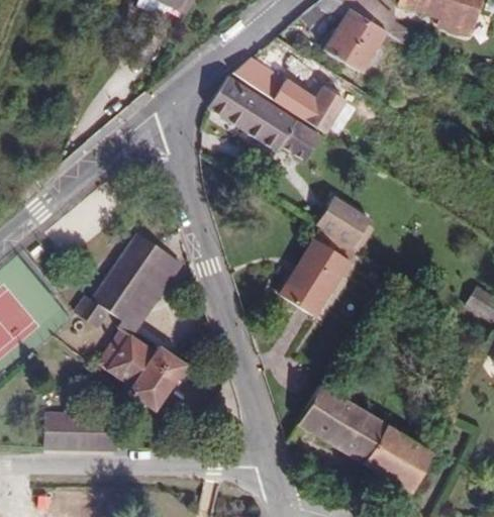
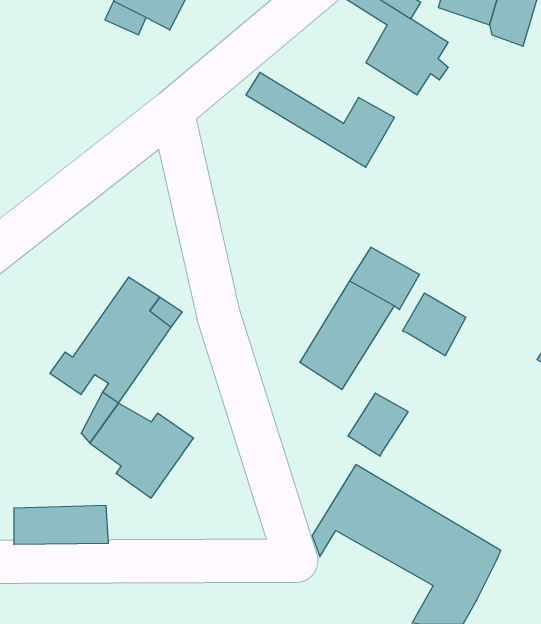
building: [211,84,323,166] -> none
building: none -> [402,293,466,356]
building: none -> [348,393,408,456]

